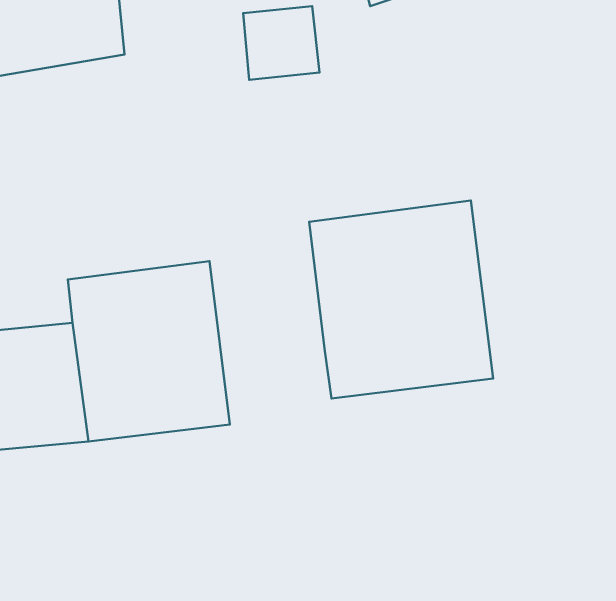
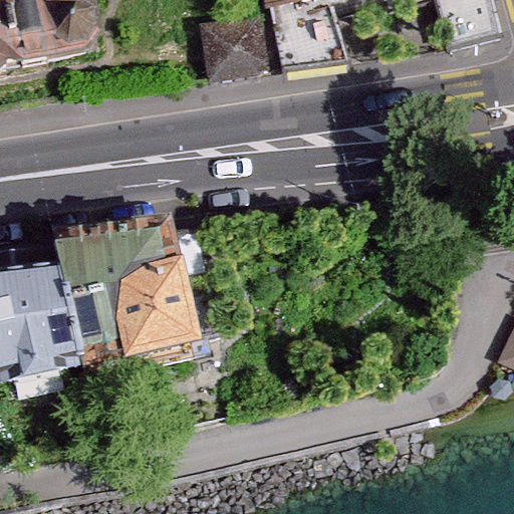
building: [309,201,493,398] -> none

